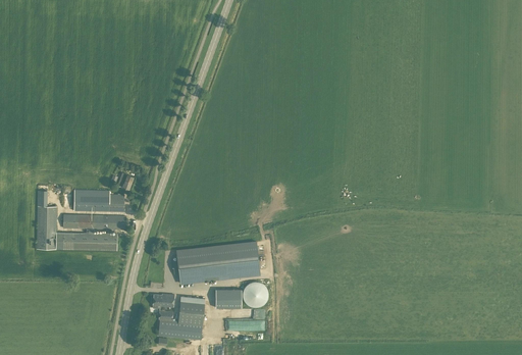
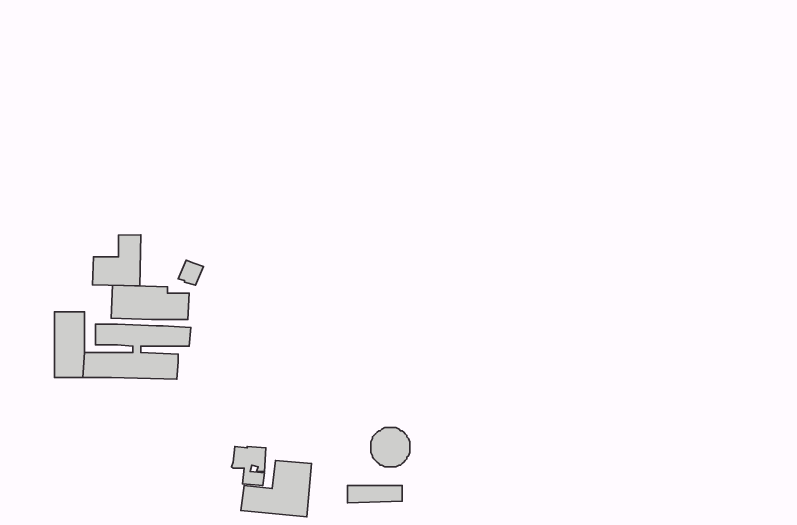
building: none -> [93,235,141,286]
building: [173,242,260,283] -> none
building: [216,288,242,307] -> none

